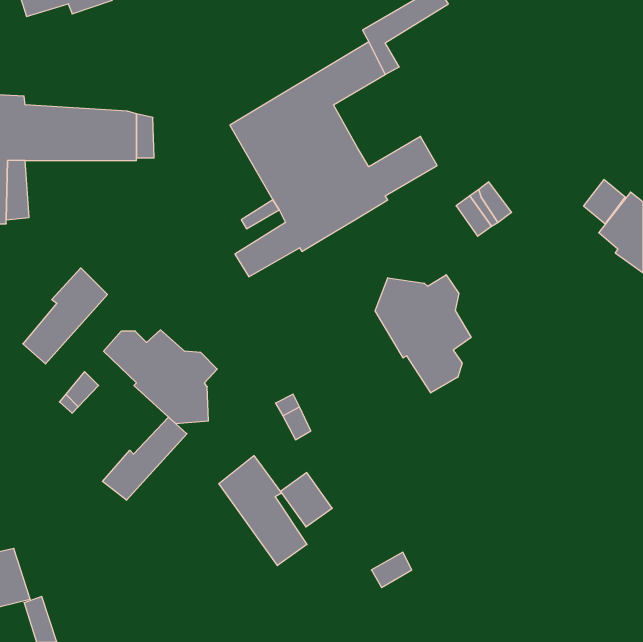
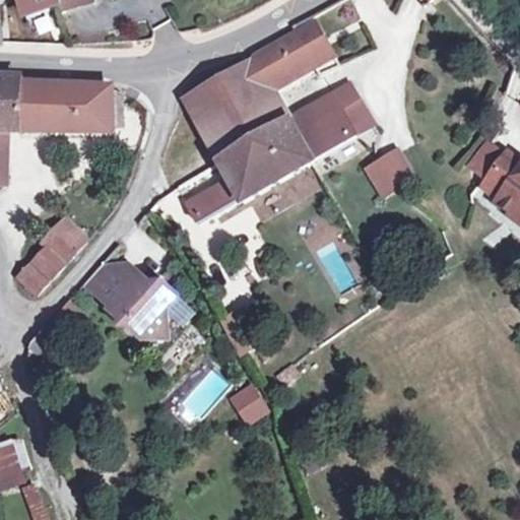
building: none -> [287,87,373,134]
building: [375,275,471,393] -> none
building: [102,417,187,500] -> none
building: [219,456,307,566] -> none

